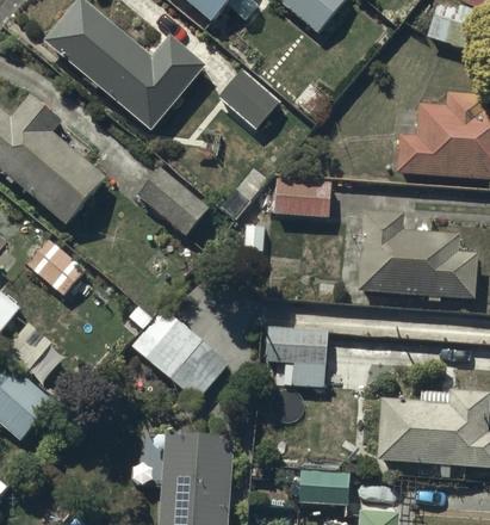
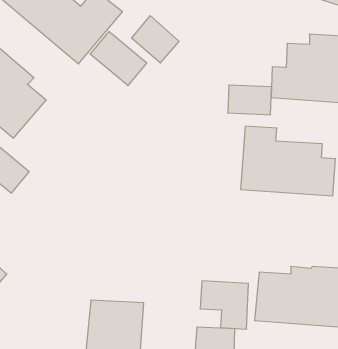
building: [136,166,209,235] -> [90,32,147,85]
building: [275,178,331,216] -> [228,85,271,115]
building: [130,308,229,403] -> none
building: [266,325,328,387] -> [200,281,248,329]

